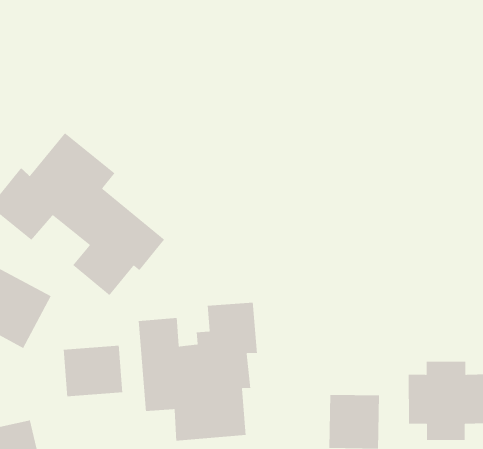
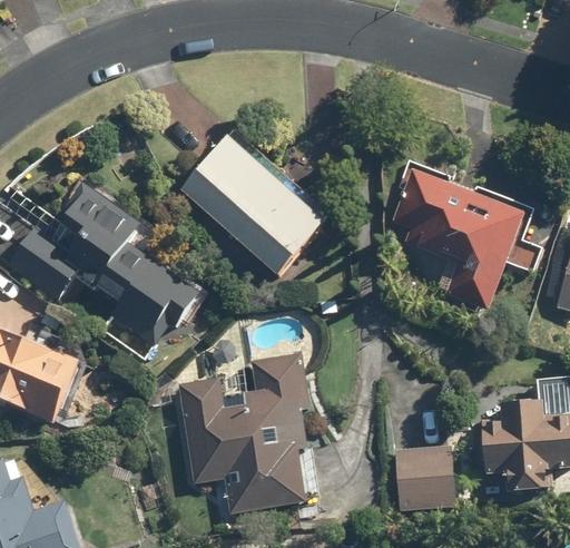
building: none -> [179,136,325,276]
building: none -> [393,159,544,312]
building: [63,345,123,397] -> none

